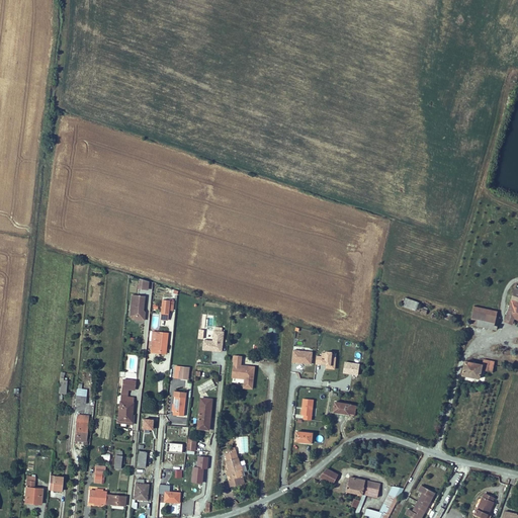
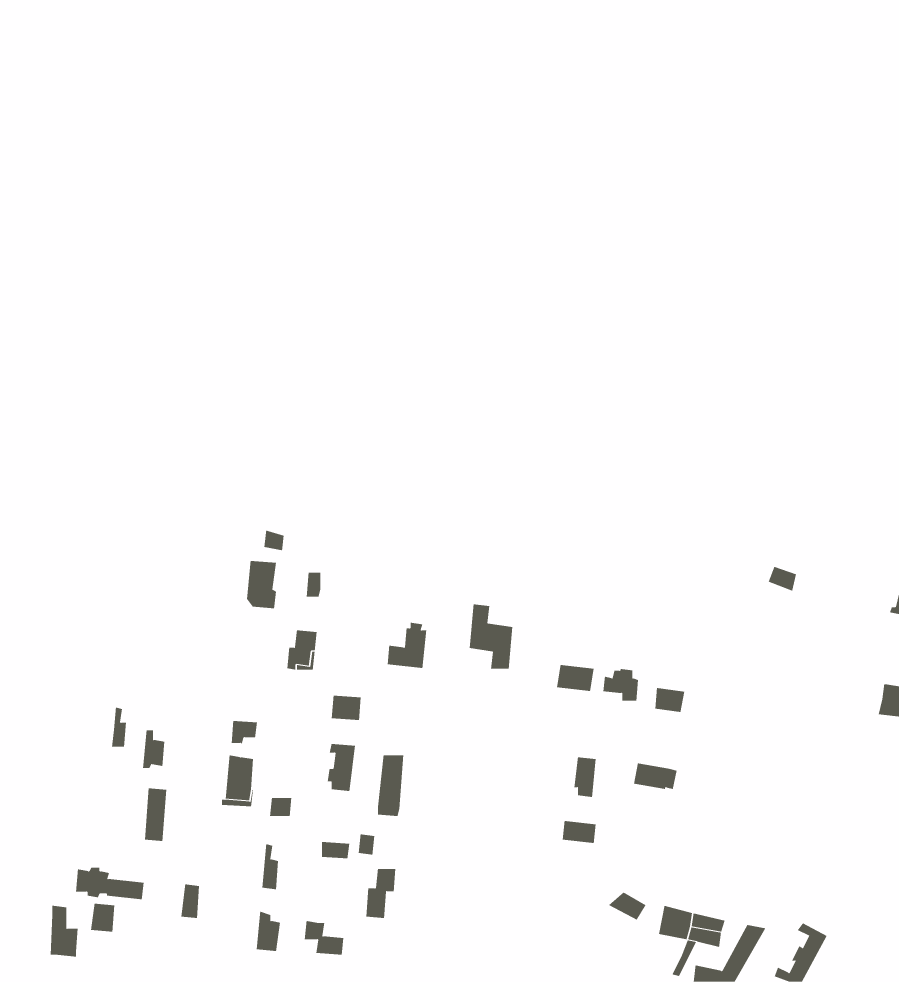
building: [232,355,255,390] -> [469,604,513,669]
building: [226,448,245,488] -> none
building: [89,490,125,507] -> [75,867,145,900]

